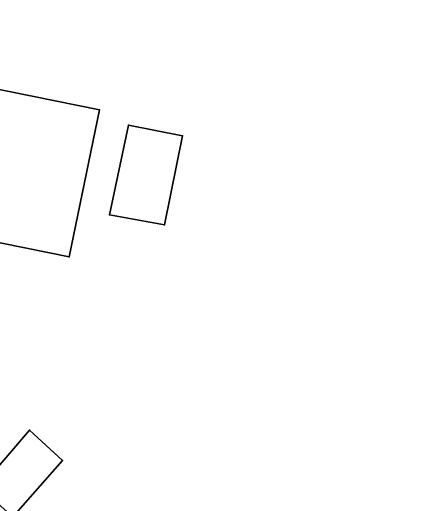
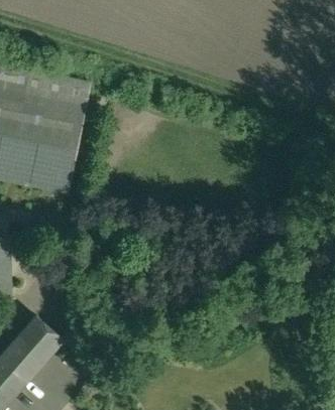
building: [109,125,182,225] -> none

